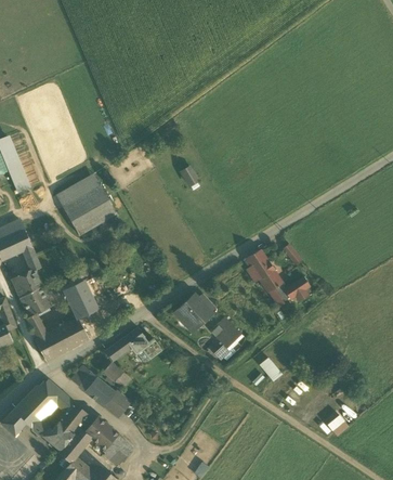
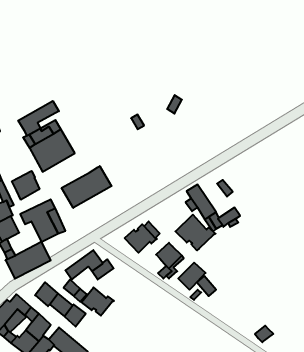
building: none -> [18,101,59,135]
building: none -> [62,166,112,208]
building: none -> [12,171,39,200]
building: none -> [175,215,216,250]
building: none -> [178,263,206,290]
building: none -> [81,287,114,316]

